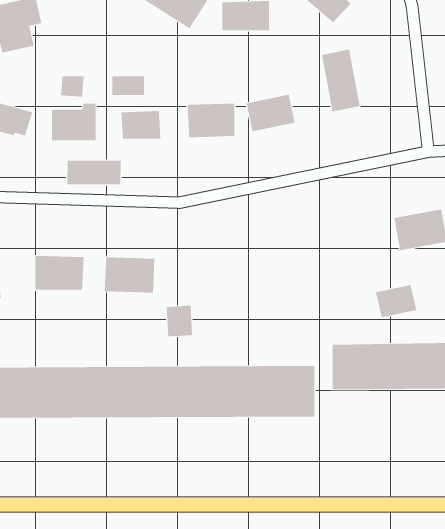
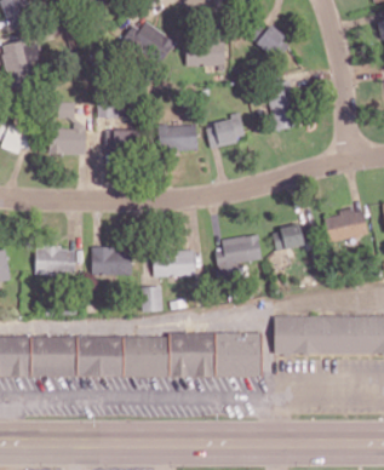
building: [67,160,121,185] -> none
building: none -> [216,235,262,266]
building: none -> [154,250,196,277]
building: [375,285,417,318] -> [273,224,306,251]

